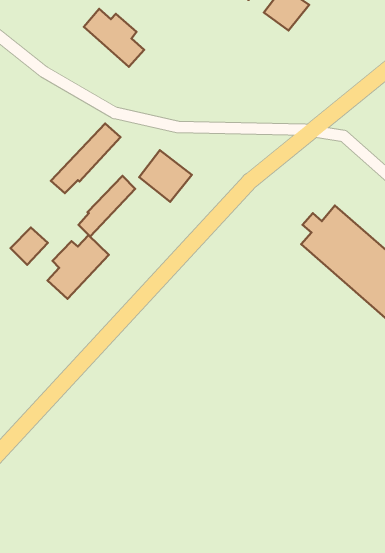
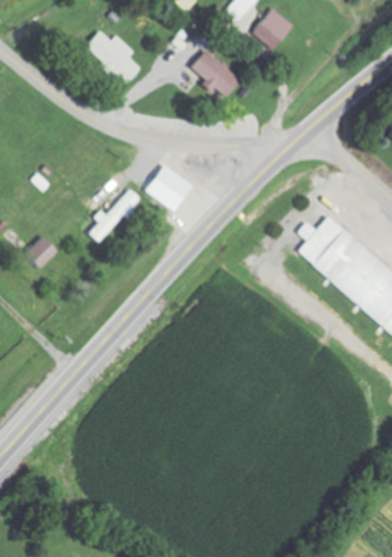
building: none -> [195,49,245,99]
building: [51,124,121,193] -> none
building: [47,235,109,299] -> none

